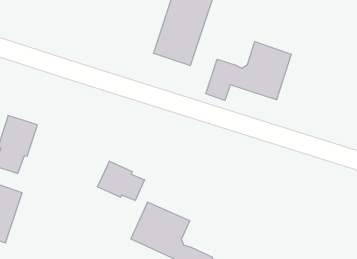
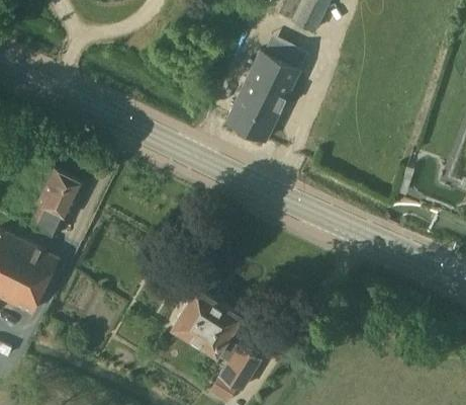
building: [206,42,291,100] -> none
building: [98,161,145,201] -> none

